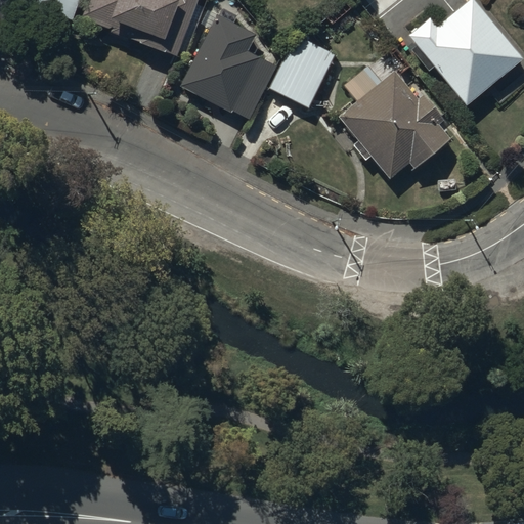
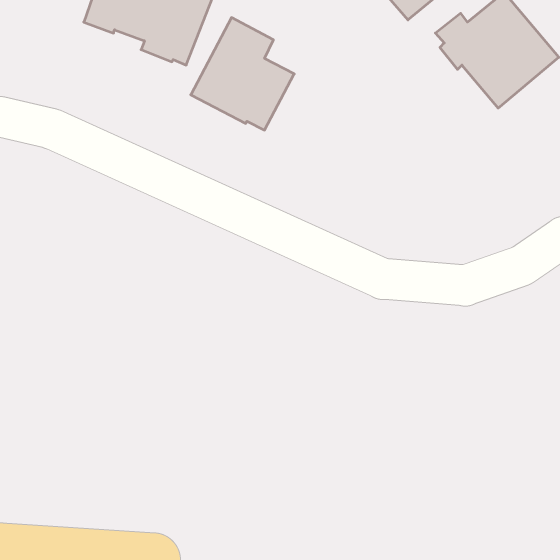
building: [270,38,335,111] -> none
building: [339,58,451,174] -> none

